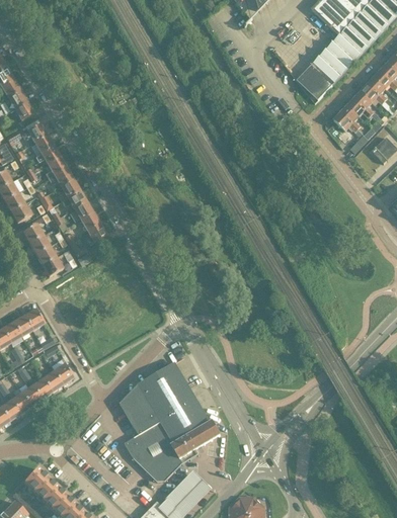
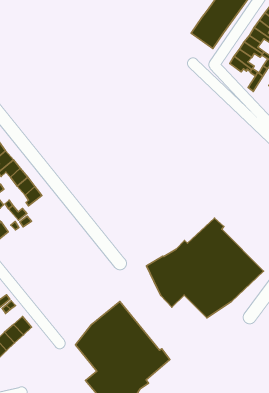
building: none -> [147,218,263,318]

